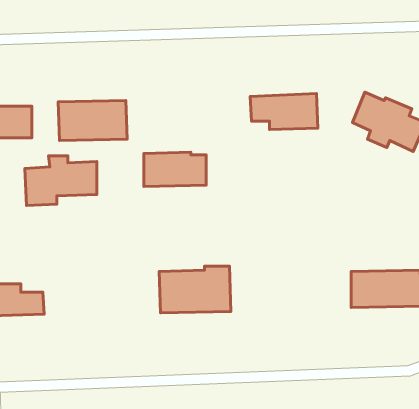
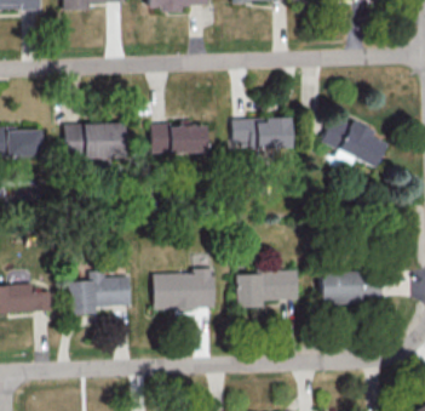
building: [144,152,206,187] -> [151,122,206,153]
building: [25,156,97,206] -> [68,270,131,314]
building: none -> [236,270,298,308]

